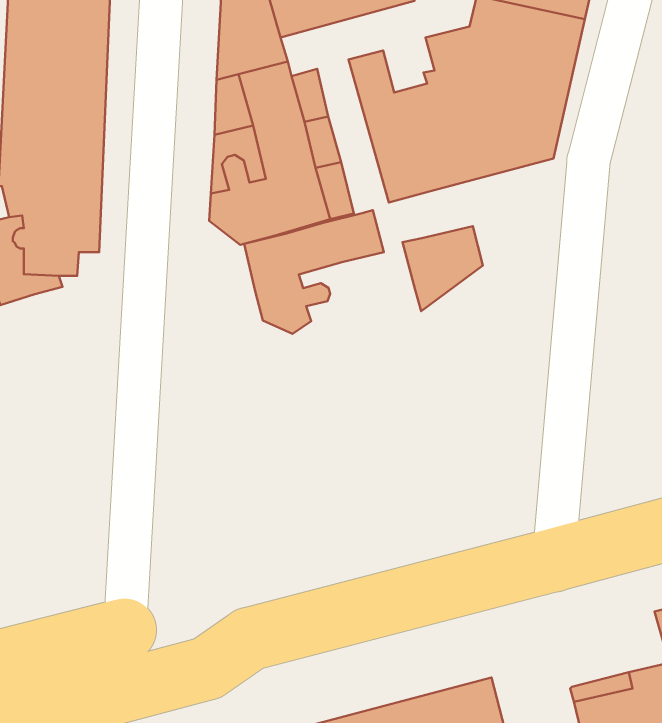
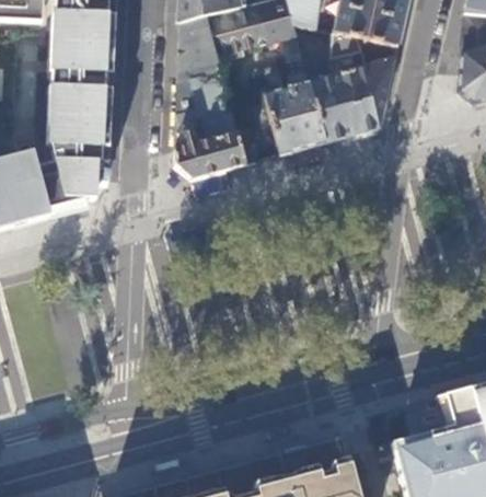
building: [244,210,384,334] -> none
building: [403,226,483,311] -> none

